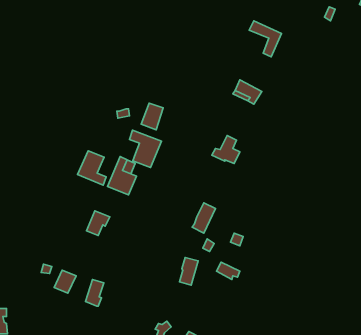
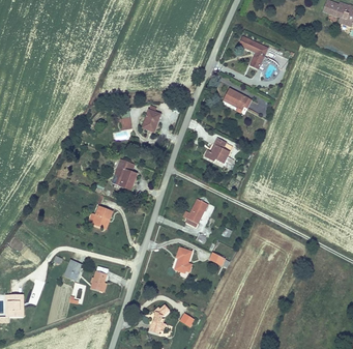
building: [129,130,161,168] -> none
building: [77,151,106,185] -> none

